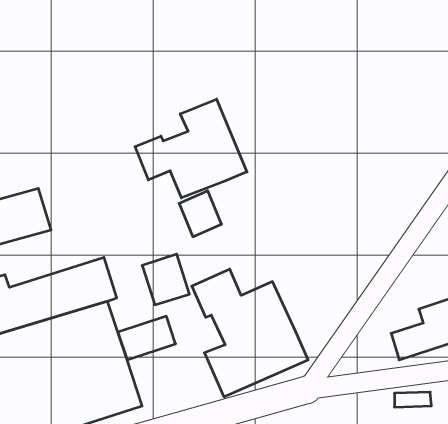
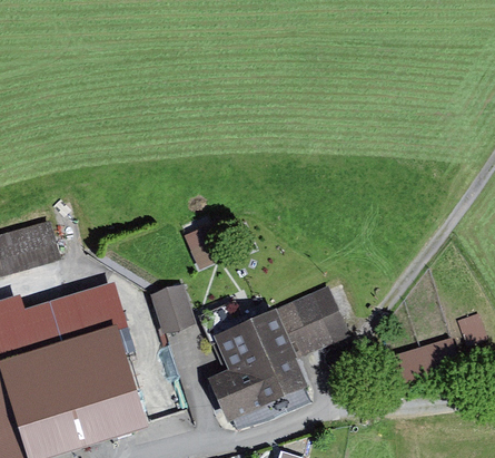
building: [135,99,247,198] -> none
building: none -> [274,284,349,357]

